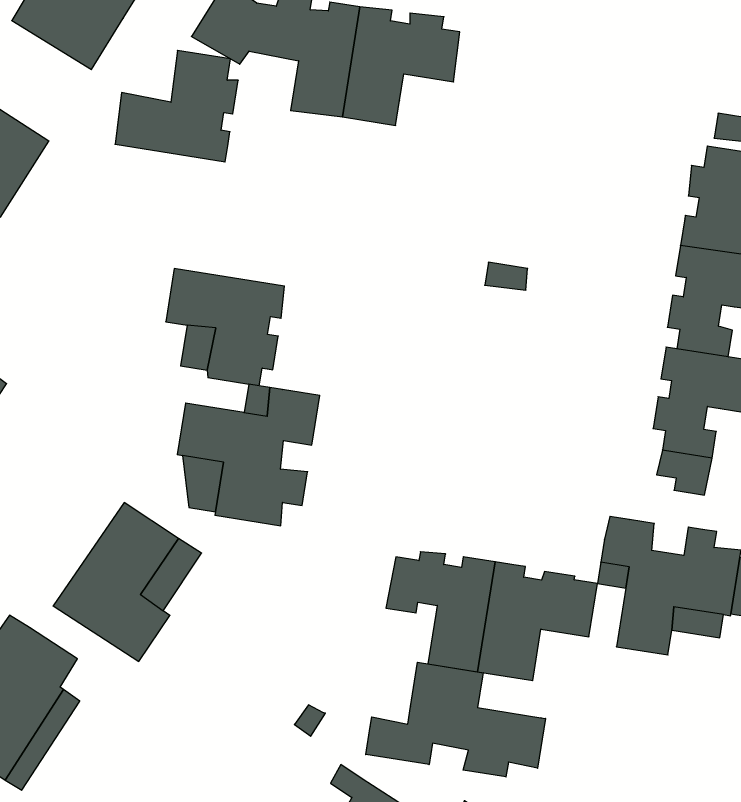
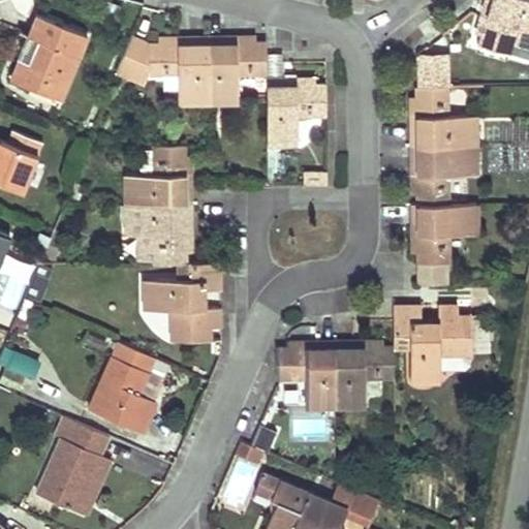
building: [115,50,238,162] -> [125,148,190,207]
building: none -> [268,83,325,148]
building: [366,662,545,777] -> none

